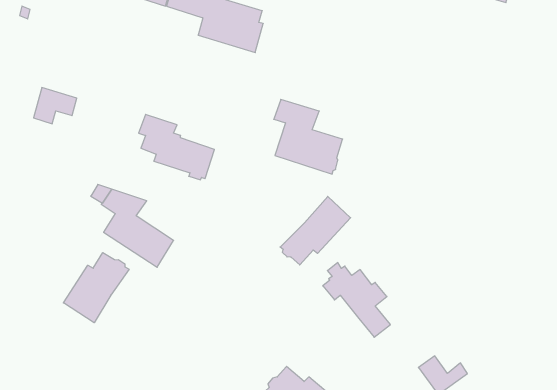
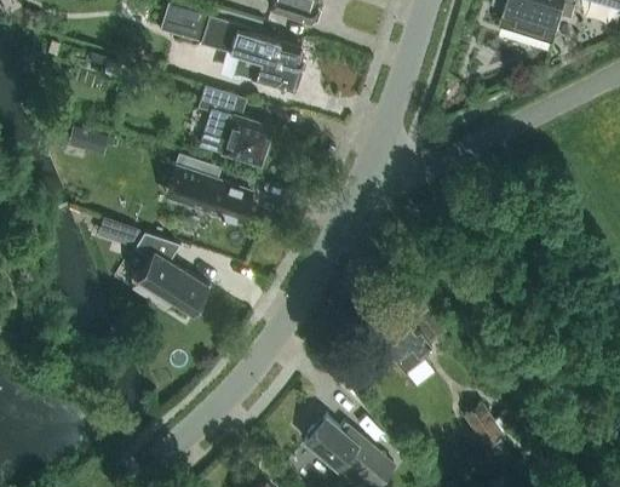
building: [274,99,343,174] -> [199,86,270,164]
building: [280,196,351,265] -> none
building: [63,253,129,323] -> none

